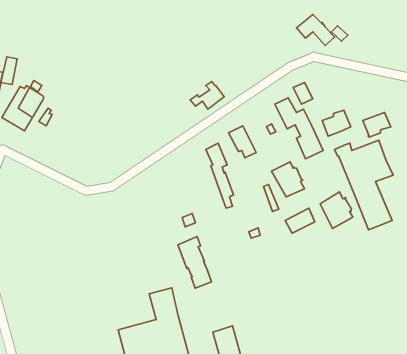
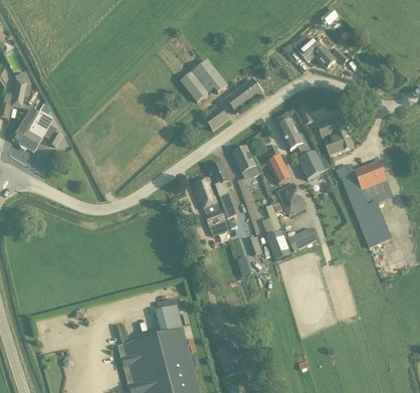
building: none -> [179,58,226,102]
building: none -> [224,77,261,112]
building: [363,112,391,137] -> [317,117,344,141]
building: none -> [265,155,290,183]
building: [320,192,353,228] -> none
building: none -> [264,229,289,259]
building: [178,237,212,288] -> [191,176,224,226]

